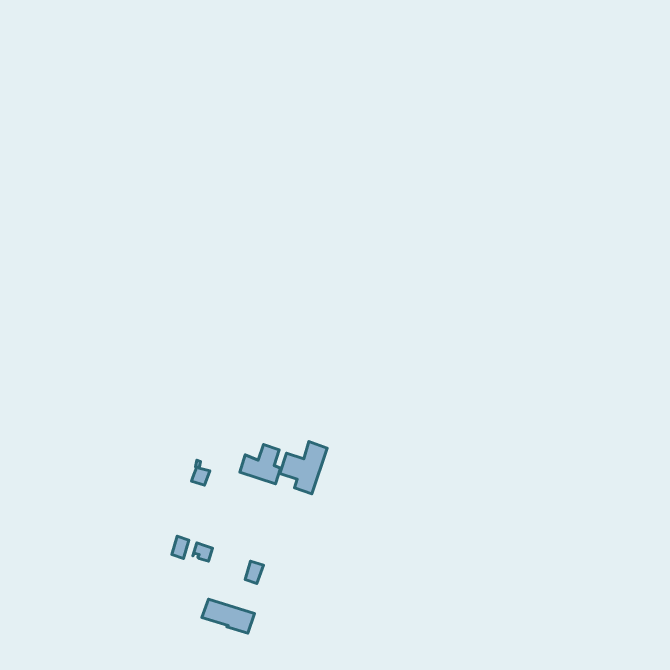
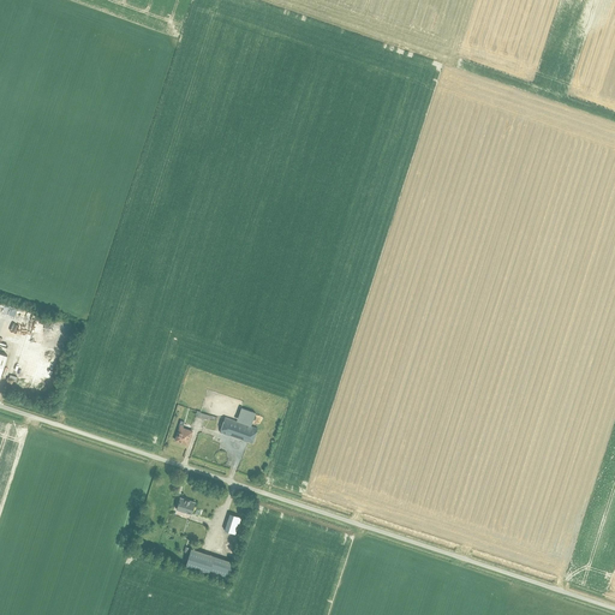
building: [280,441,327,494] -> none

